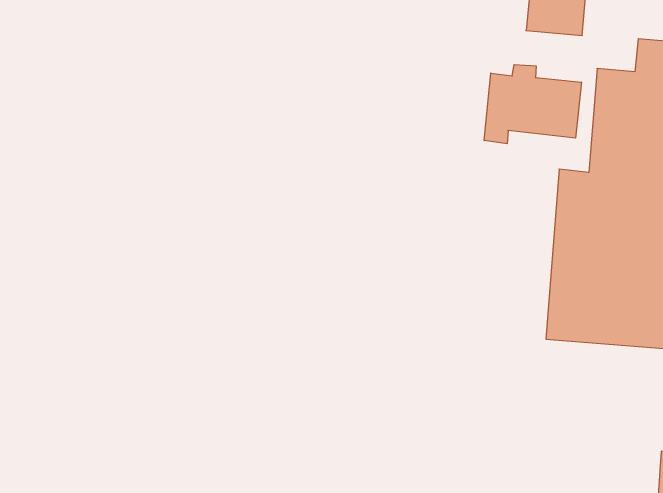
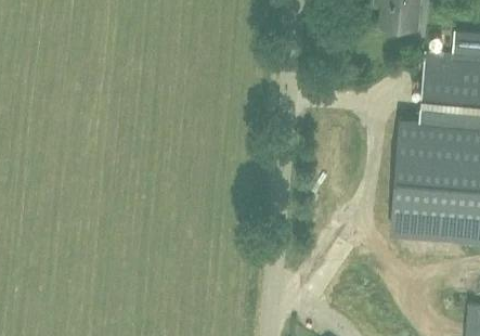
building: [484,65,581,144] -> none

